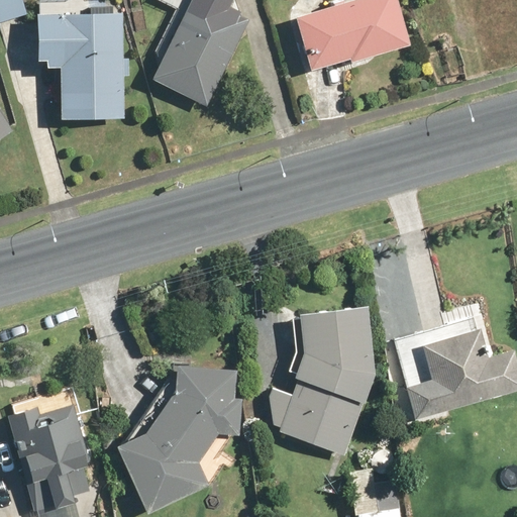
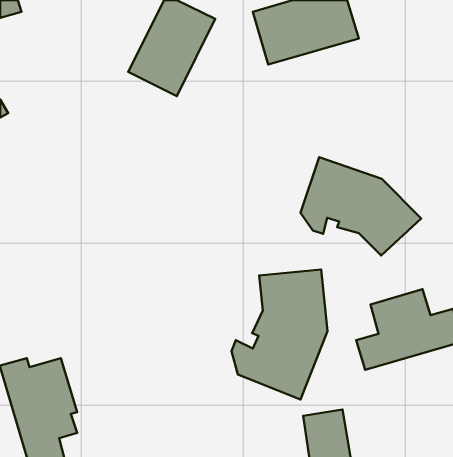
building: [33,11,127,121] -> none
building: none -> [300,157,421,256]
building: [117,363,246,509] -> none

